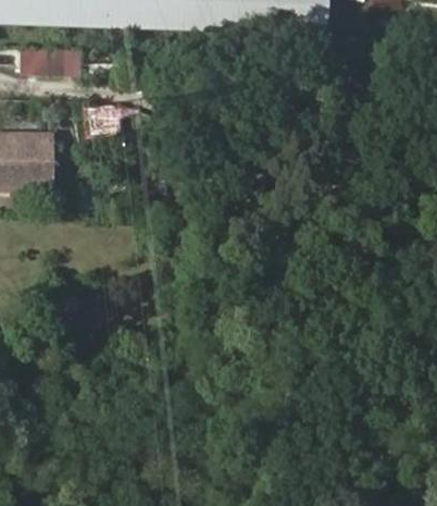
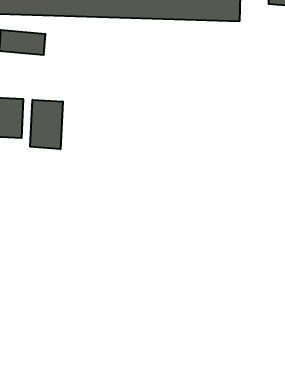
building: none -> [30,100,63,149]

